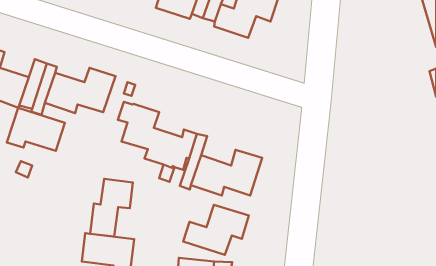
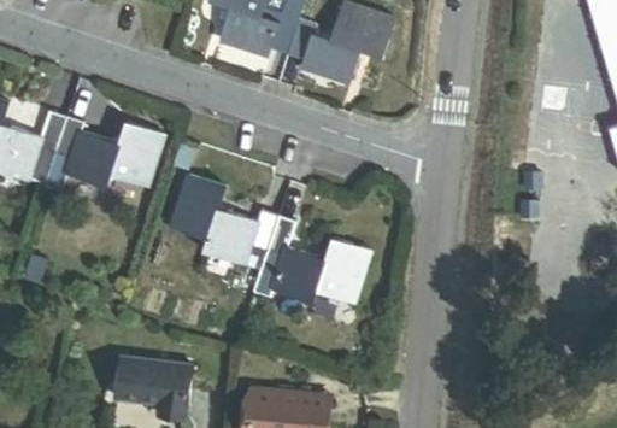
building: [7,108,65,151] -> none
building: [90,179,133,236] -> none
building: [183,205,249,255] -> none

